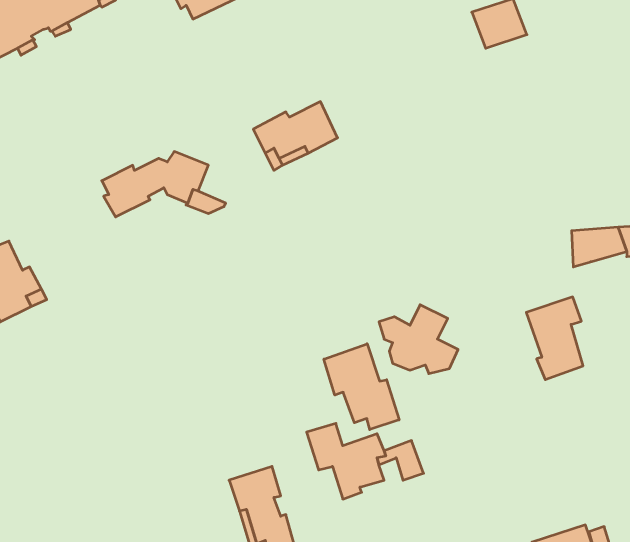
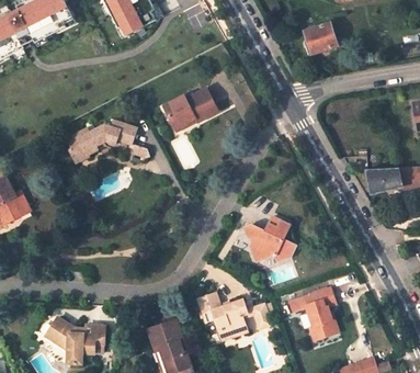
building: [526,297,583,380] -> [300,286,337,339]
building: [324,344,399,430] -> none
building: none -> [45,315,103,361]

